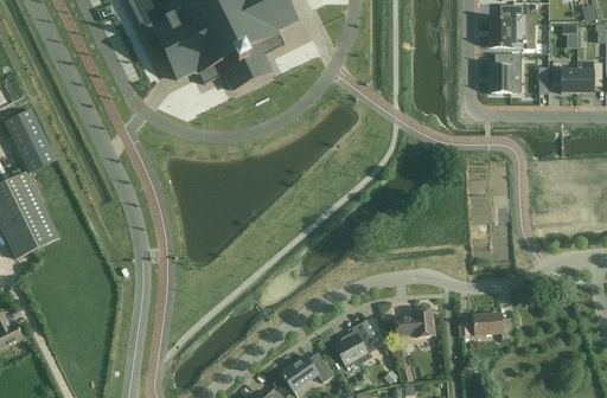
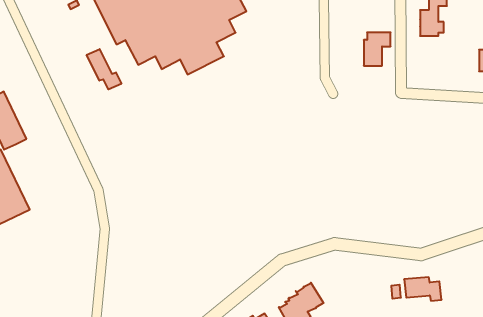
building: [490,59,519,96] -> [364,32,391,66]
building: none -> [87,49,121,89]
building: [394,308,433,336] -> none

